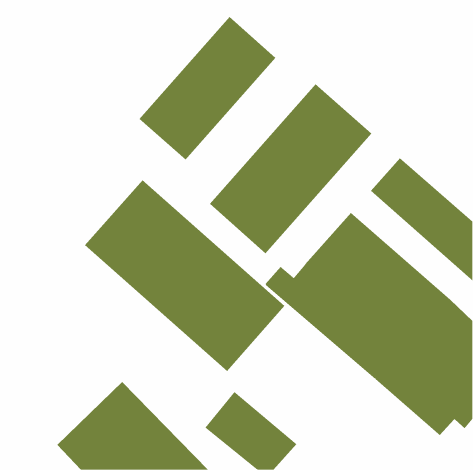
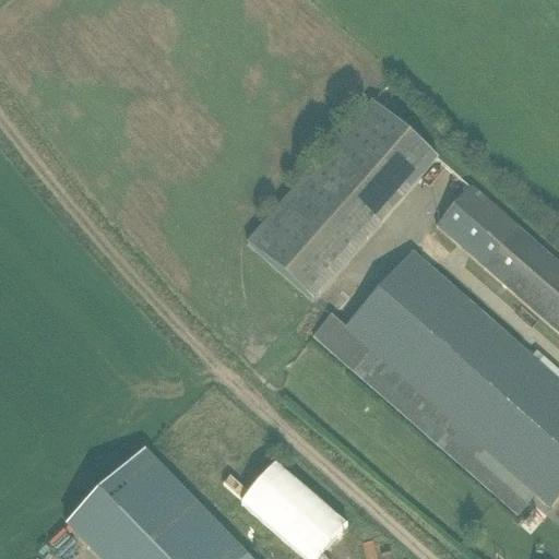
building: [139,16,276,160] -> none
building: [84,180,285,372] -> none

